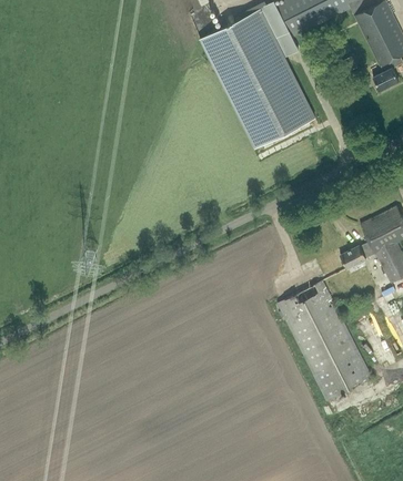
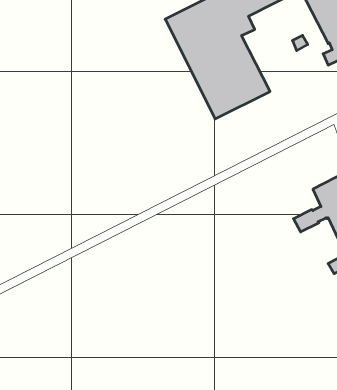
building: [279,283,371,400] -> none

